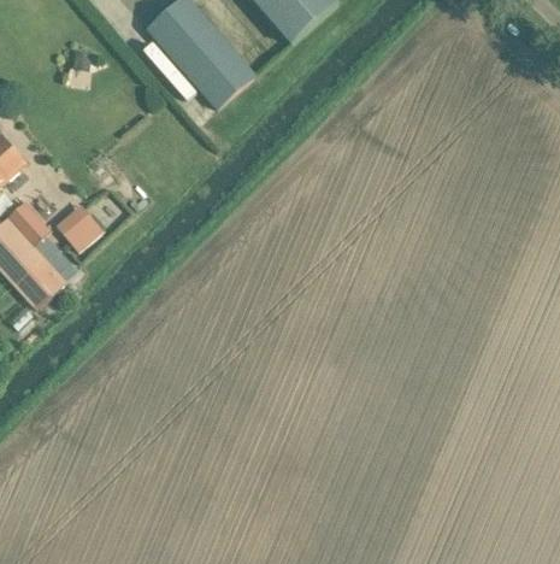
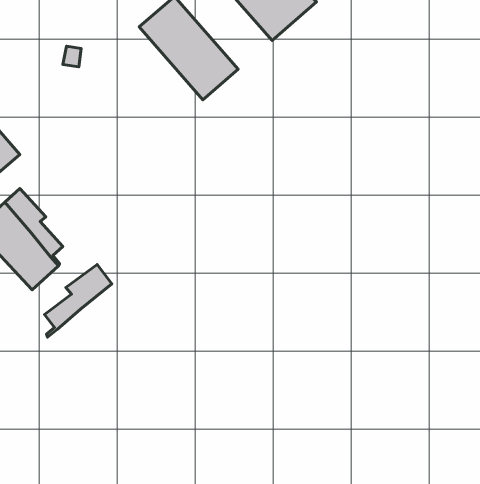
building: [55,202,104,252] -> none
building: none -> [44,264,112,337]

